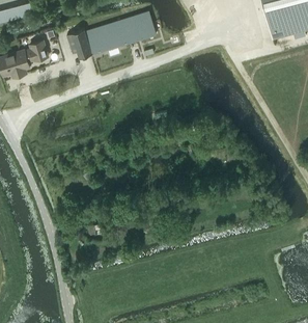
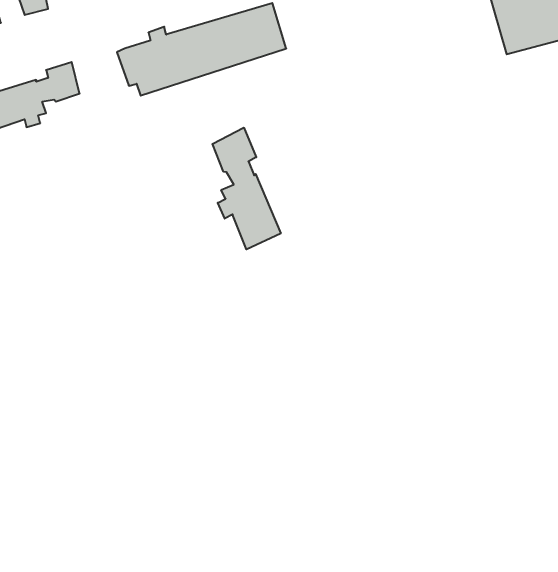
building: none -> [212,128,281,249]

